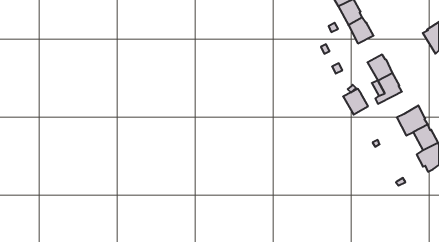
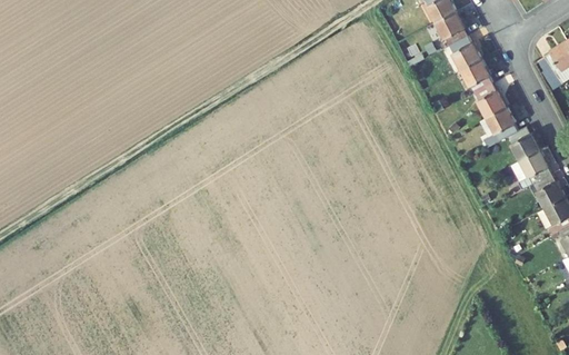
building: none -> [462,59,493,93]
building: [343,89,368,115] -> [508,127,540,160]

